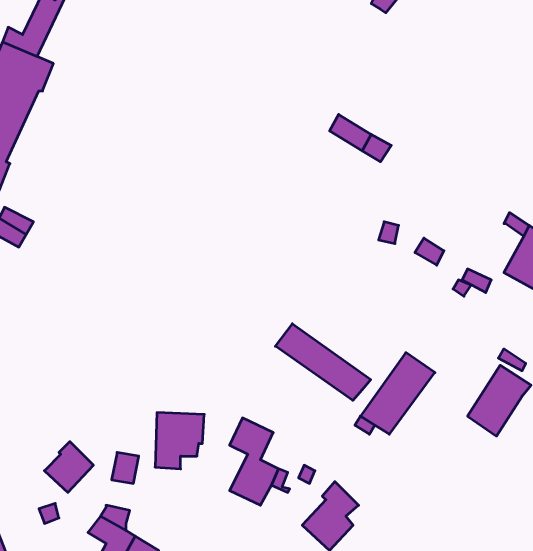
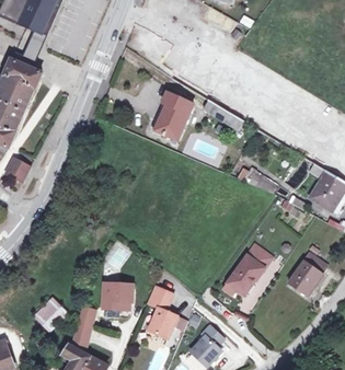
building: none -> [149,90,193,140]
building: [275,324,371,400] -> none

